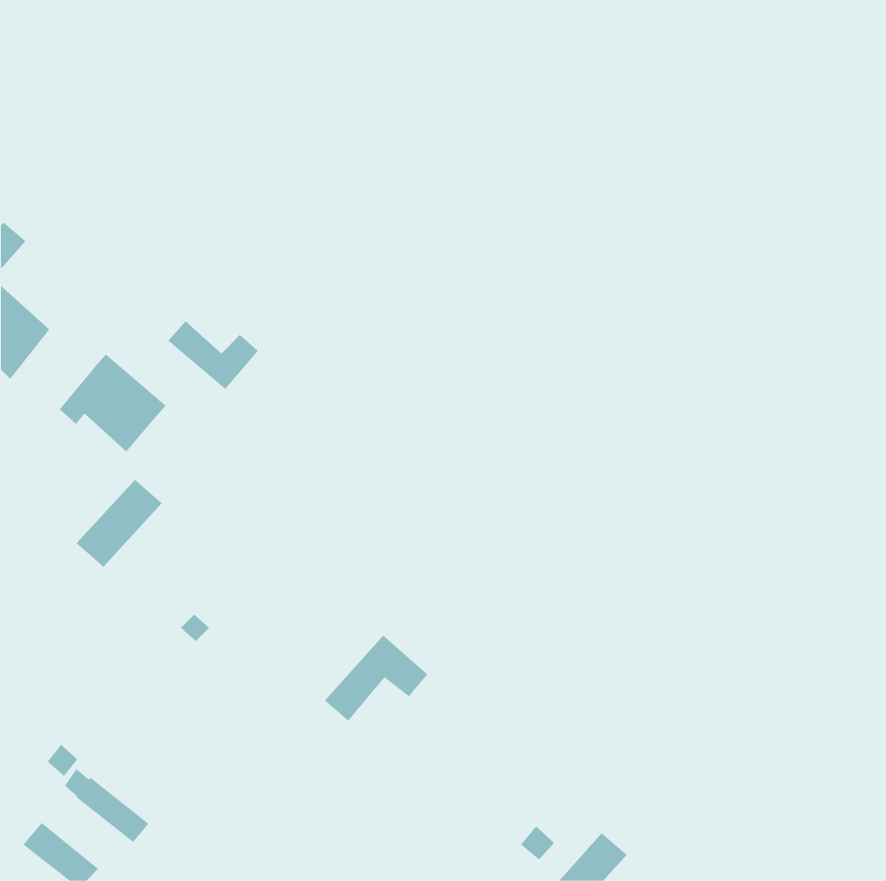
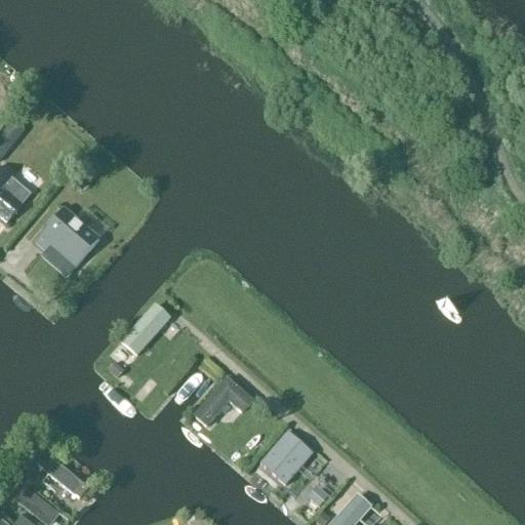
building: [168,320,259,390] -> none
building: [76,479,162,567] -> [119,304,170,356]
building: none -> [258,431,313,485]

